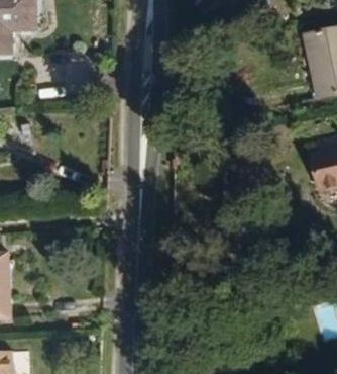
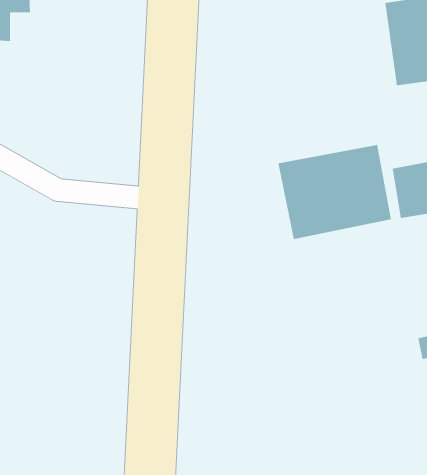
building: none -> [278,144,391,240]

